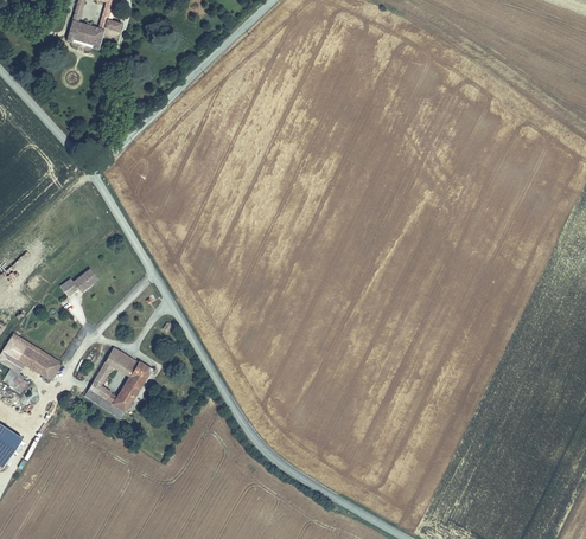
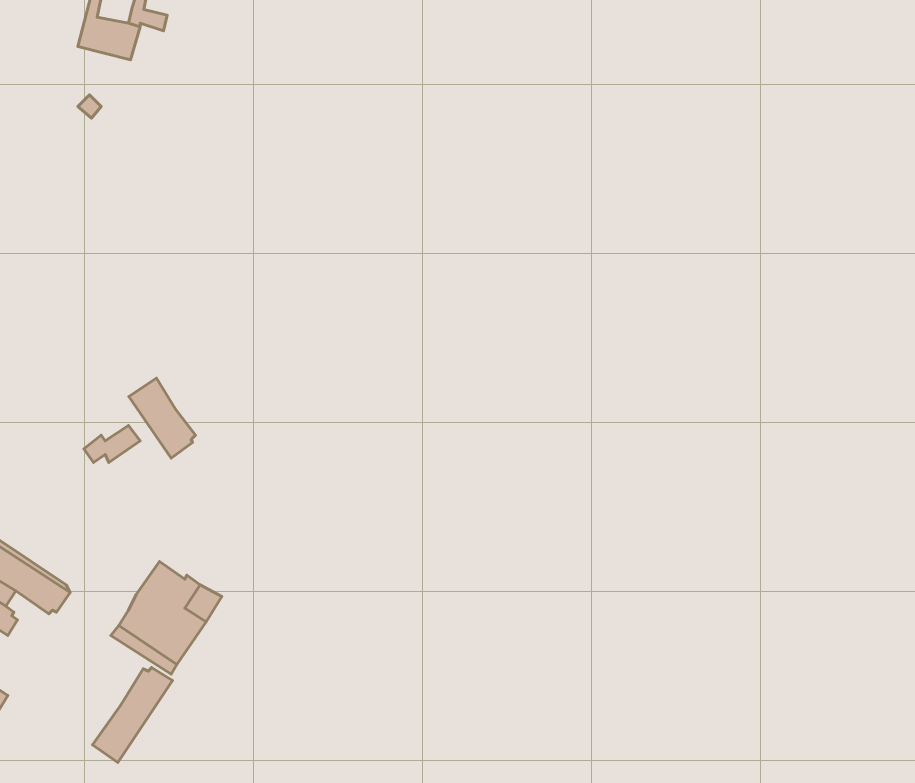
building: none -> [129,378,196,458]
building: none -> [93,667,173,763]

